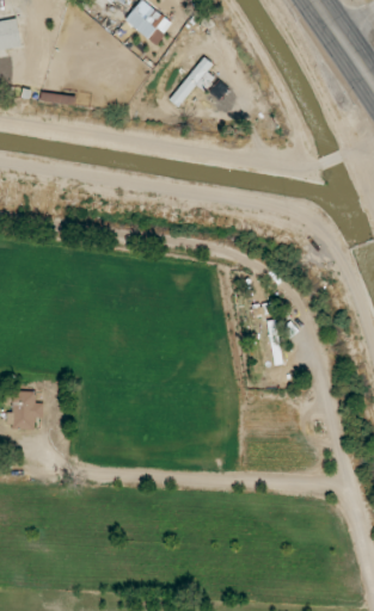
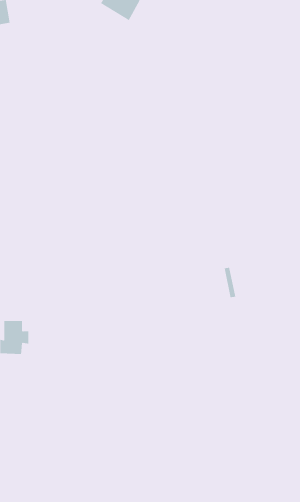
building: [171,55,214,107] -> none

